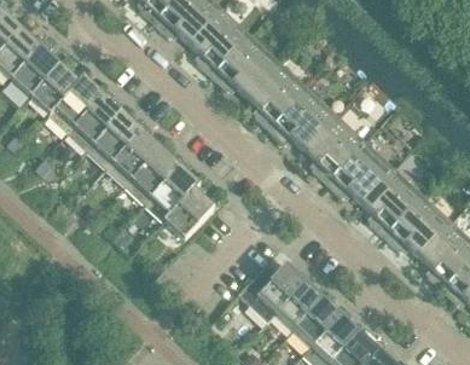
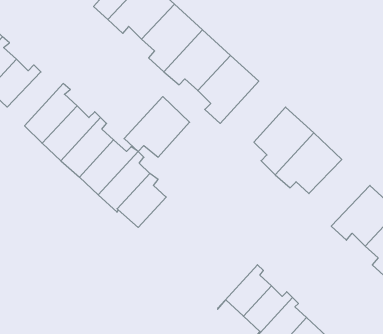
building: [50,79,109,134] -> none
building: [271,88,338,151] -> [124,97,190,157]
building: [362,169,425,238] -> none
building: [238,263,309,323] -> none

